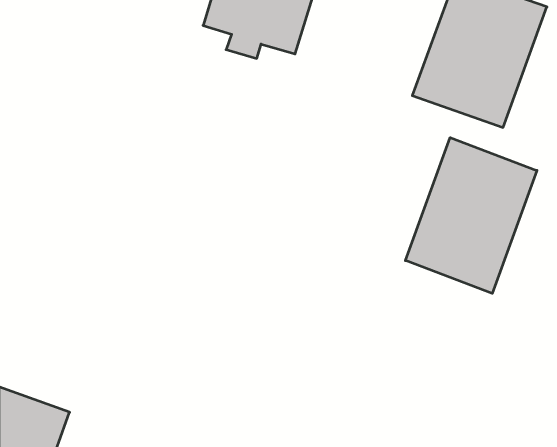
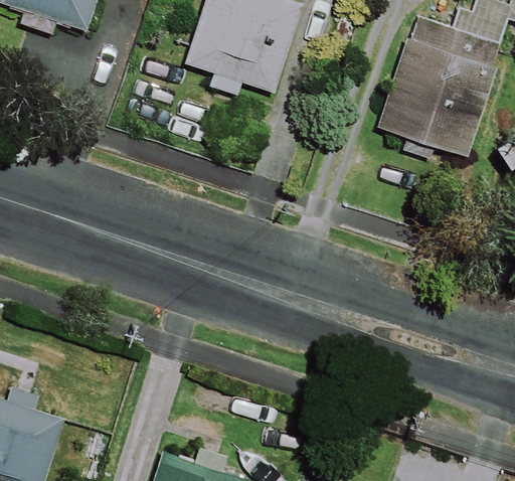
building: [405,138,537,293] -> none

